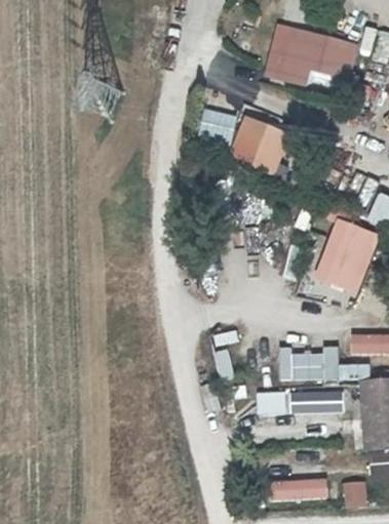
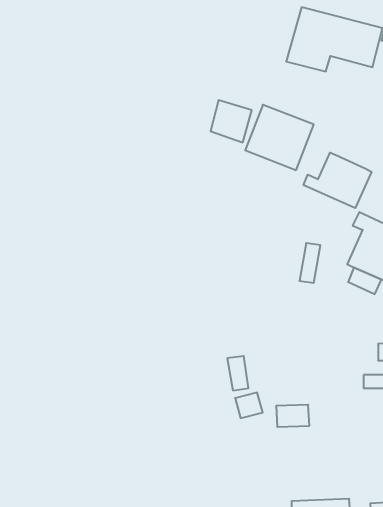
building: none -> [304,153,372,208]
building: [280,349,336,379] -> none
building: [290,392,341,413] -> none

